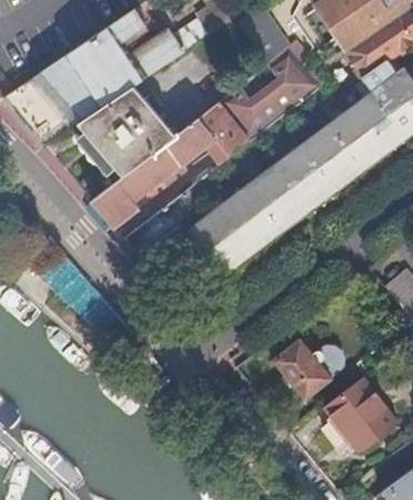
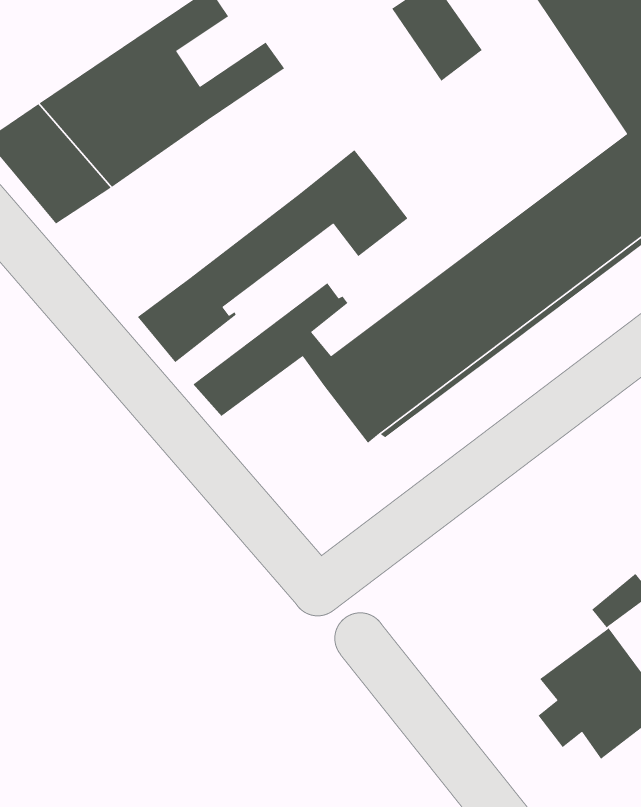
building: [229,61,322,141] -> none
building: [75,84,182,176] -> none
building: [272,340,342,400] -> none

